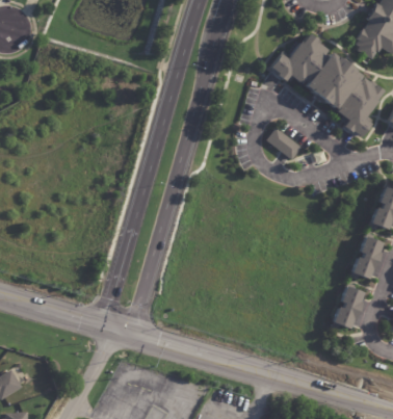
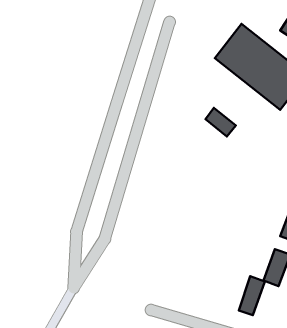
building: none -> [239,276,265,315]

